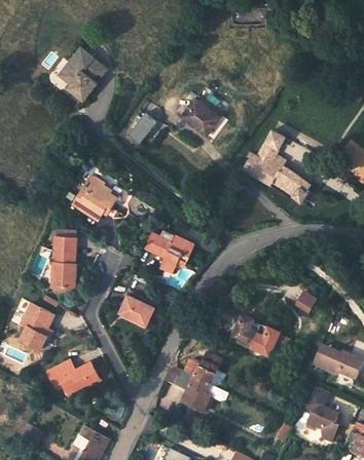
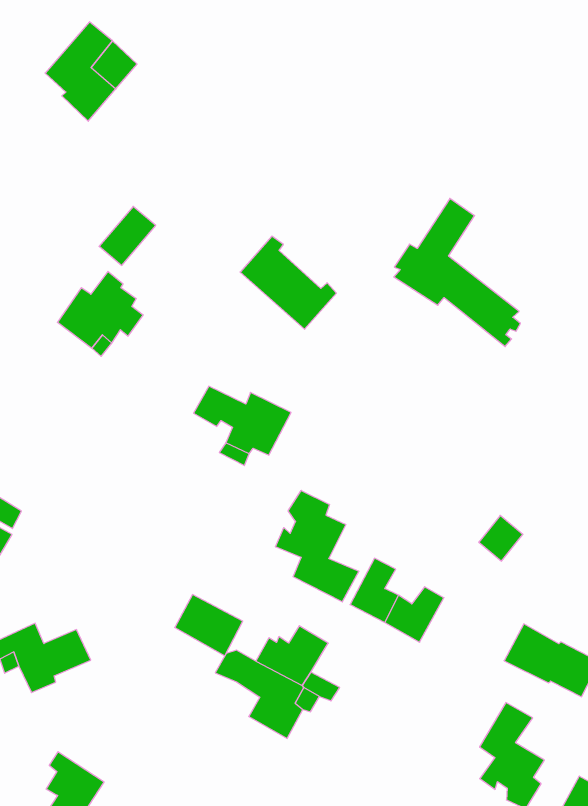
building: [176,91,226,139] -> [240,236,336,329]
building: [126,113,155,144] -> [99,206,156,265]
building: [52,236,77,286] -> none
building: none -> [276,490,359,602]
building: [119,295,154,325] -> [175,595,243,656]

